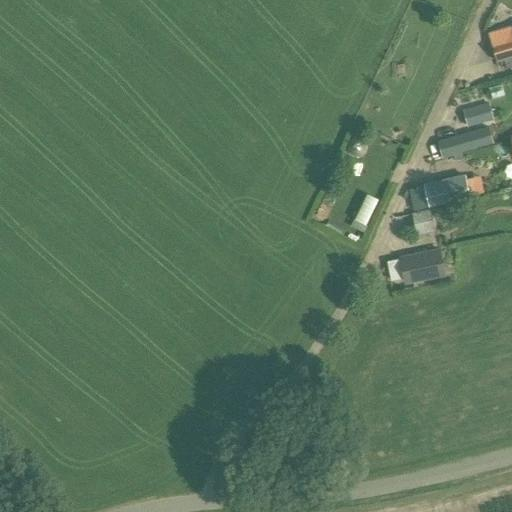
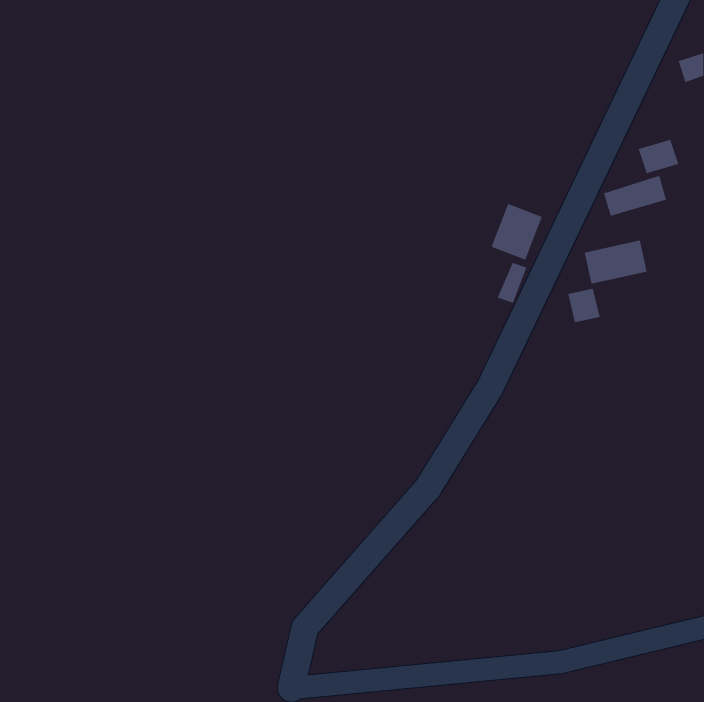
building: none -> [491,203,542,260]
building: [398,247,446,284] -> none

